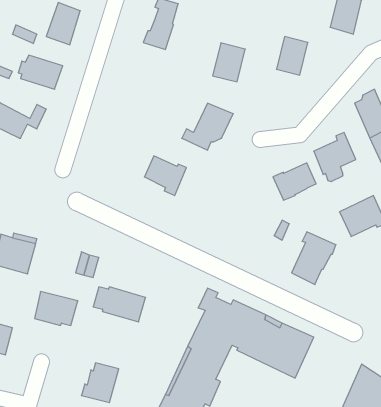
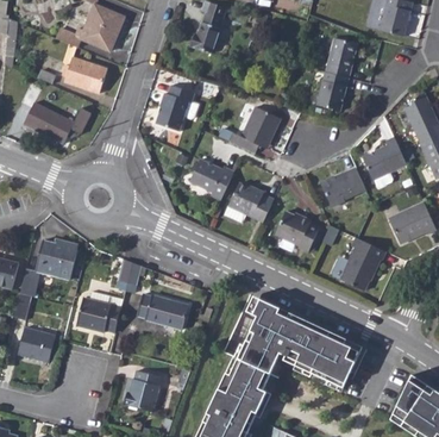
building: [213,43,245,82] -> [314,73,347,112]
building: none -> [155,85,195,131]
building: none -> [227,183,272,223]
building: none -> [274,212,318,252]

